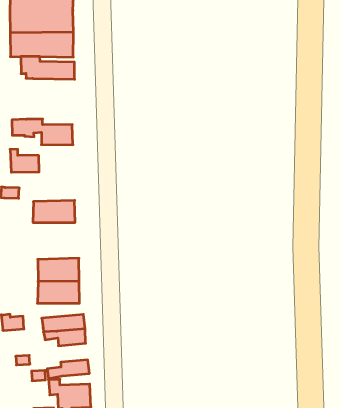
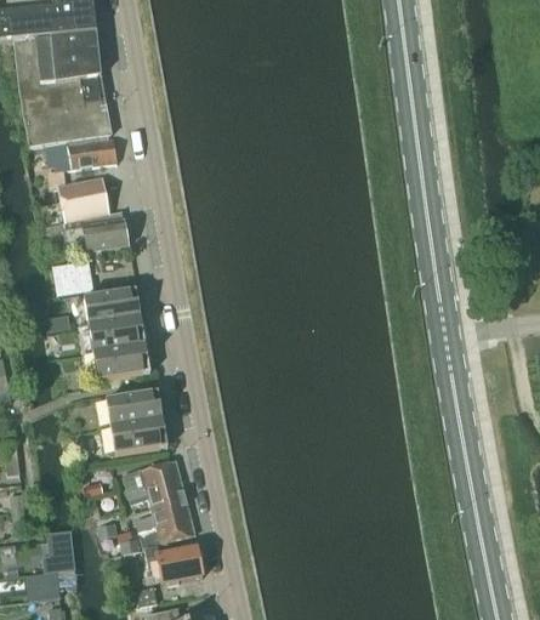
building: none -> [46,170,123,227]
building: none -> [84,289,141,326]
building: none -> [92,345,149,381]
building: none -> [136,496,189,530]

